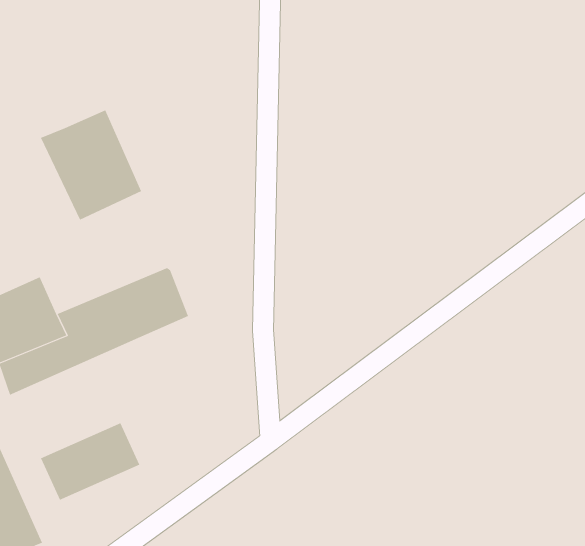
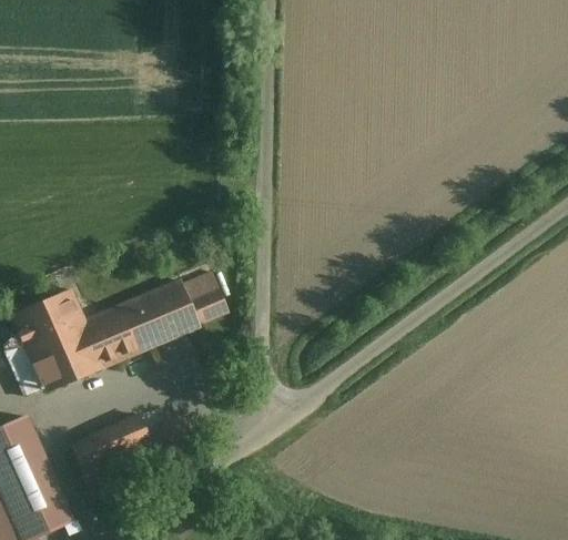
building: [40,110,142,220] -> none
building: none -> [182,273,227,324]

